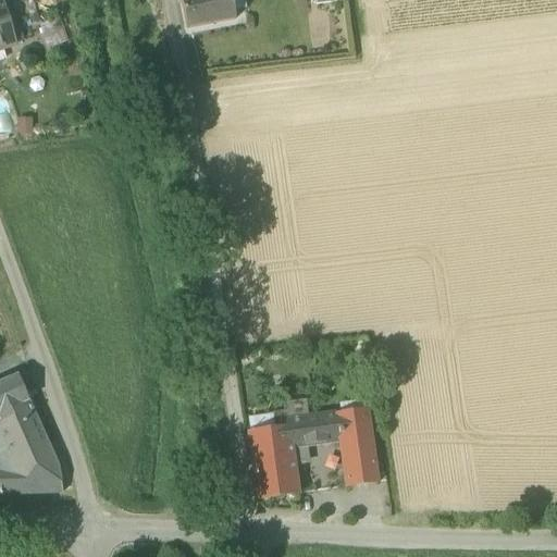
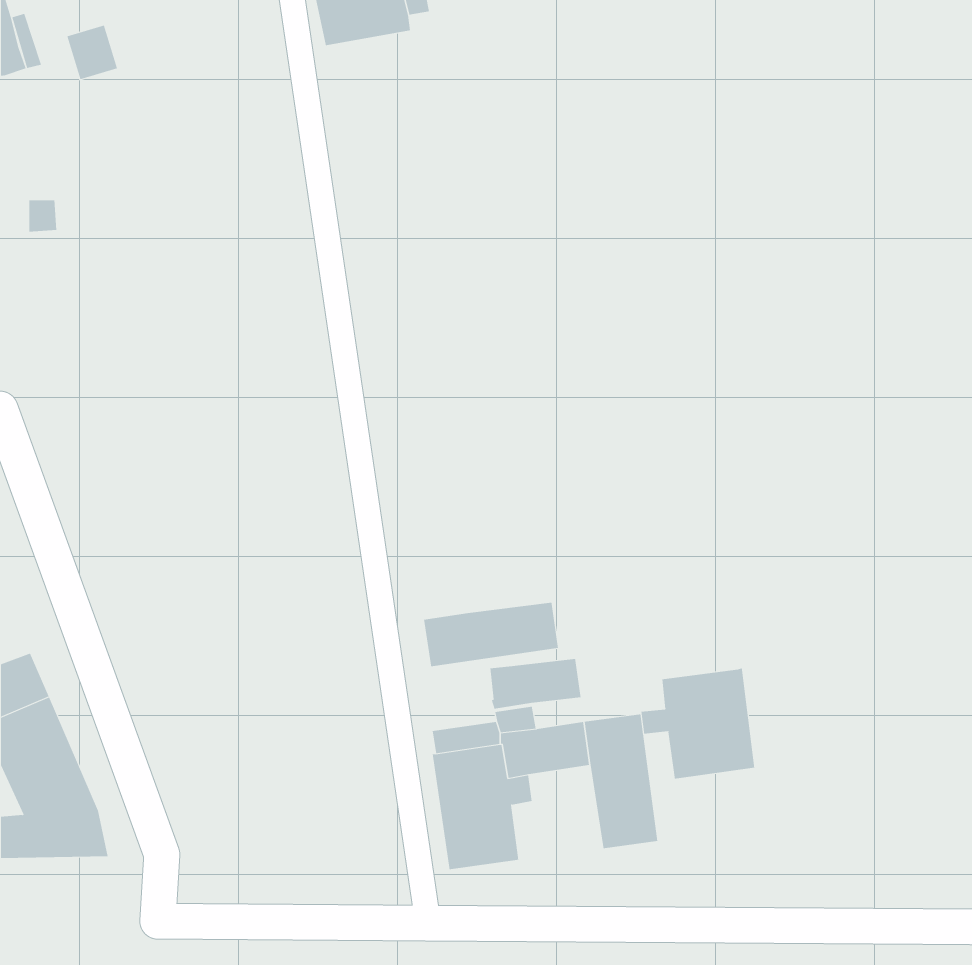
building: none -> [424,602,558,667]
building: none -> [490,658,581,710]
building: none -> [641,668,755,780]

